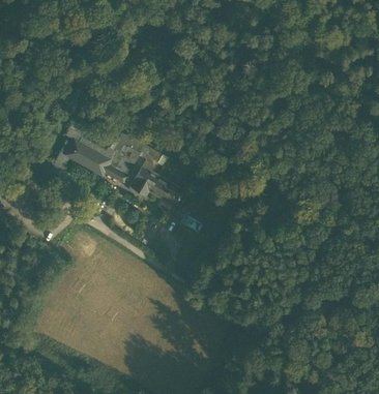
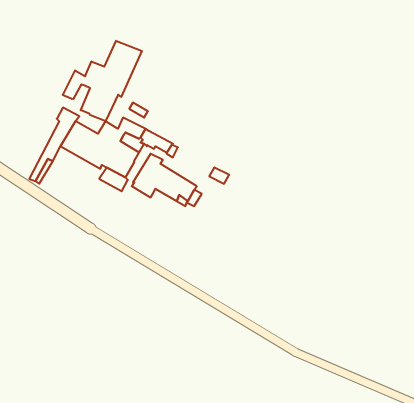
building: none -> [63,41,142,121]

